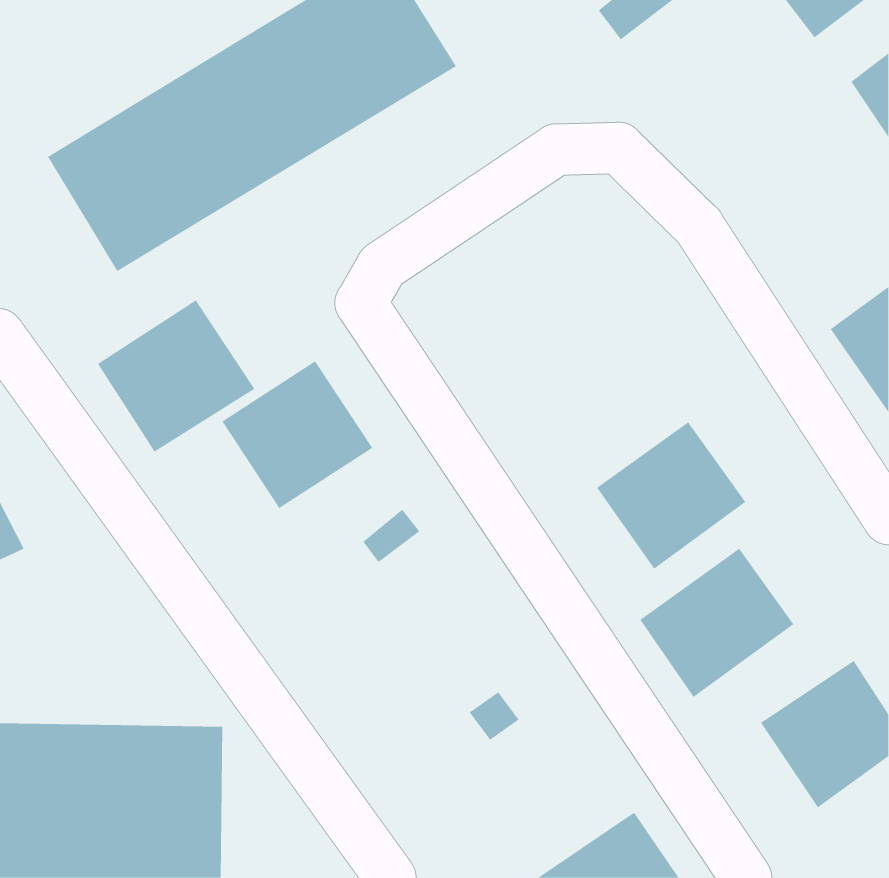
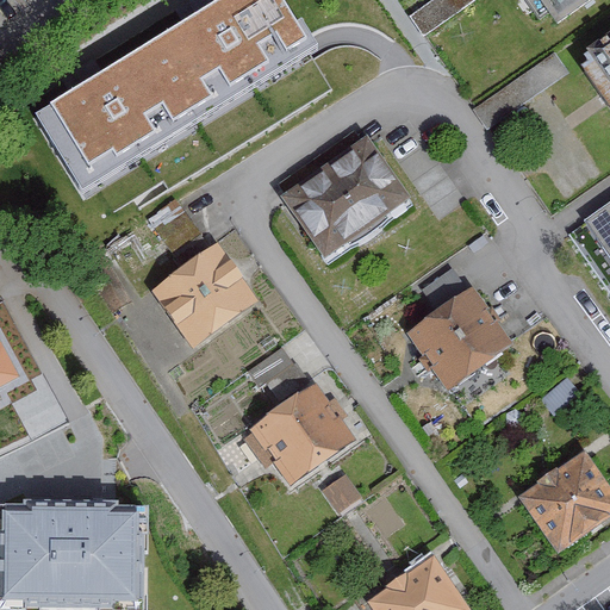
building: none -> [280,138,413,266]
building: [97,300,255,452] -> none
building: [639,548,794,698] -> none
building: none -> [250,381,354,484]

